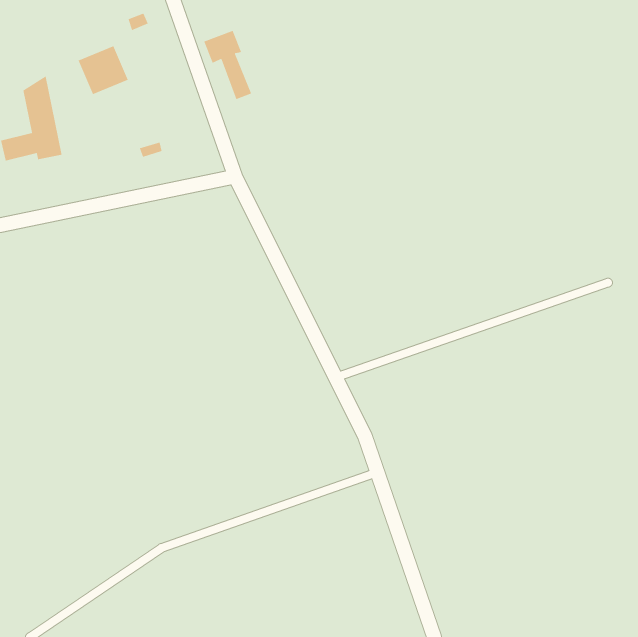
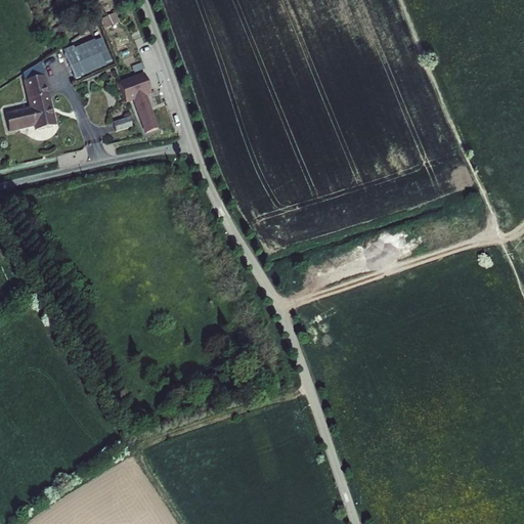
building: [203,30,252,100] -> [120,74,160,131]

